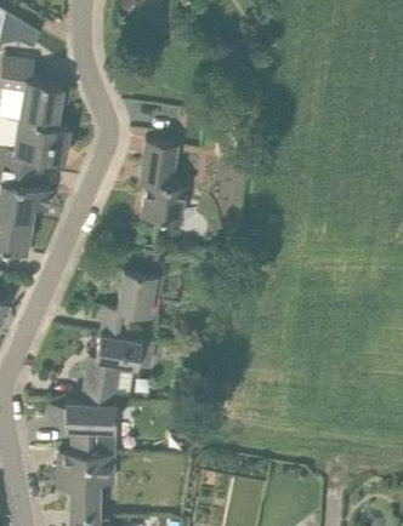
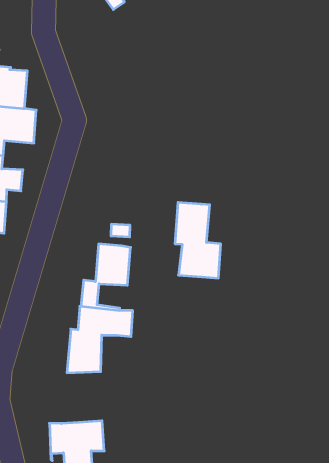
building: [140,142,187,223] -> [175,202,221,278]
building: [49,402,117,454] -> none

